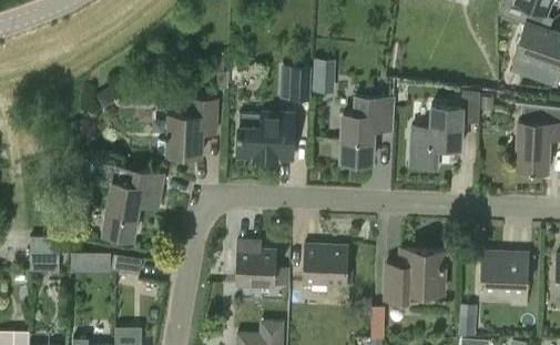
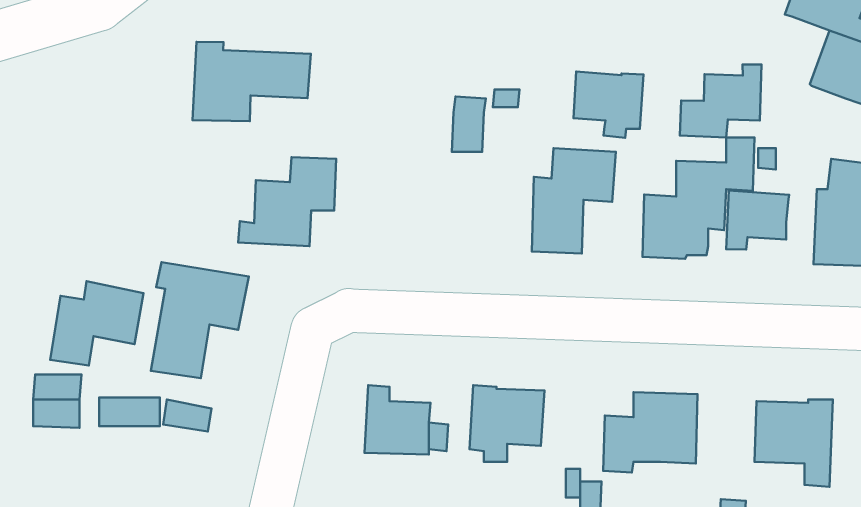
building: none -> [193,42,311,121]
building: none -> [680,64,762,138]
building: none -> [573,71,644,138]
building: [236,114,294,161] -> none
building: none -> [726,190,789,249]
building: none -> [50,281,144,366]

